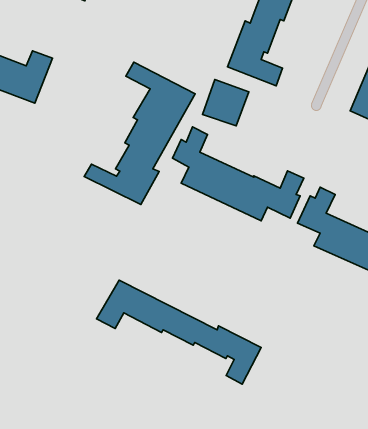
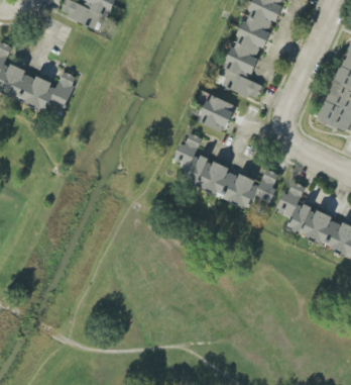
building: [84,62,195,204] -> none
building: [97,280,261,384] -> none

